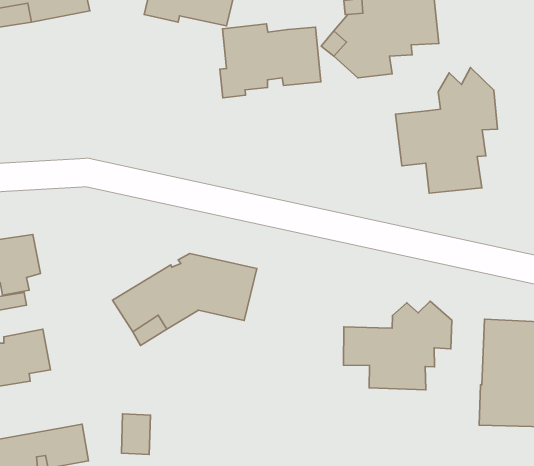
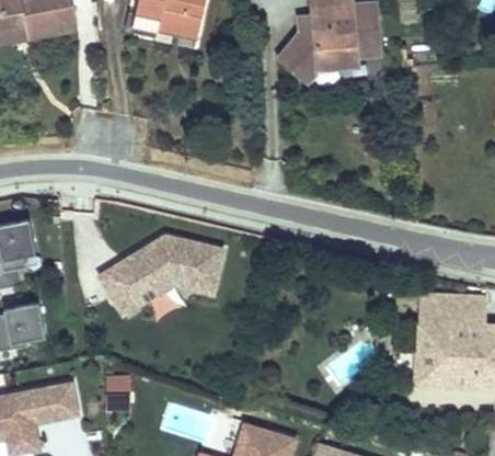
building: [220,24,321,98] -> none
building: [396,68,498,193] -> none
building: [343,301,452,390] -> none

